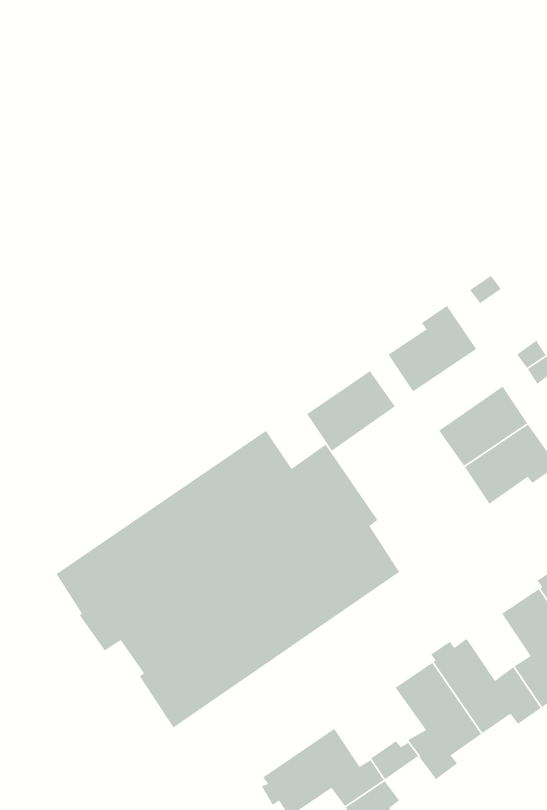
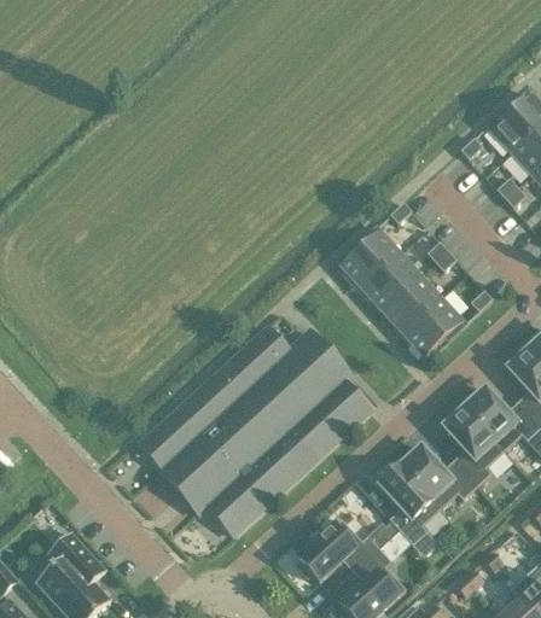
building: [306,370,396,452] -> [361,252,420,310]

